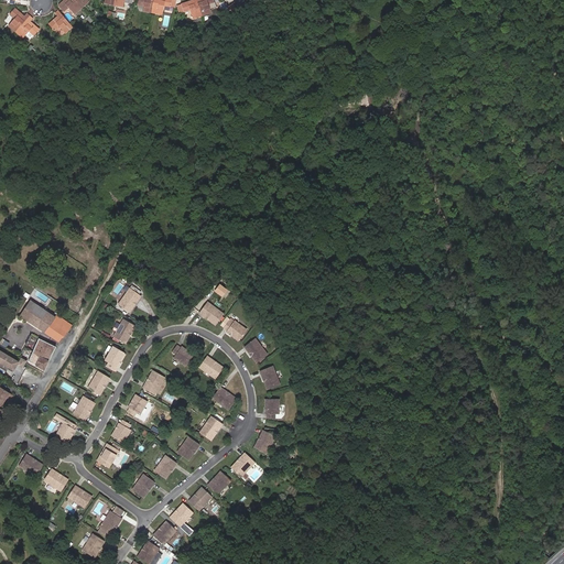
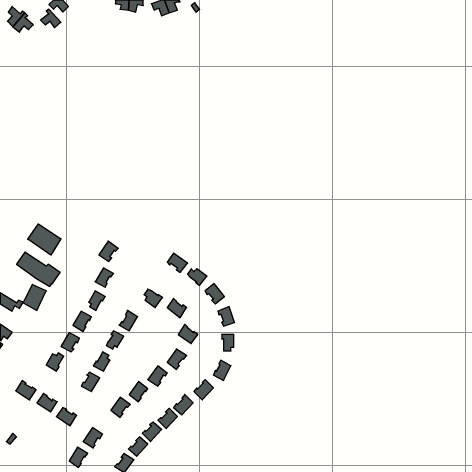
building: none -> [28,224,61,255]

